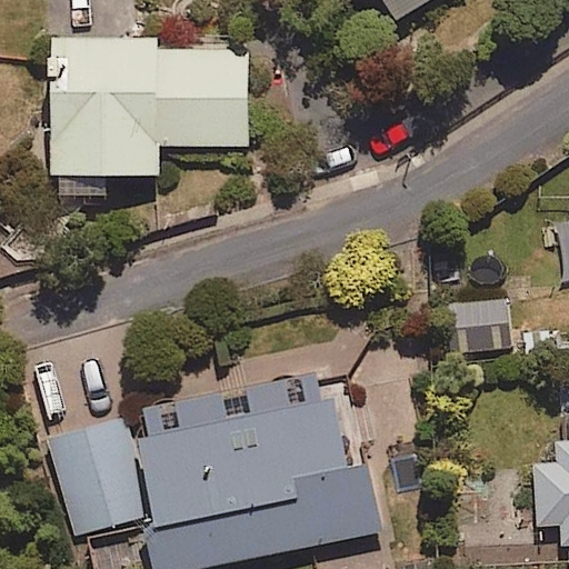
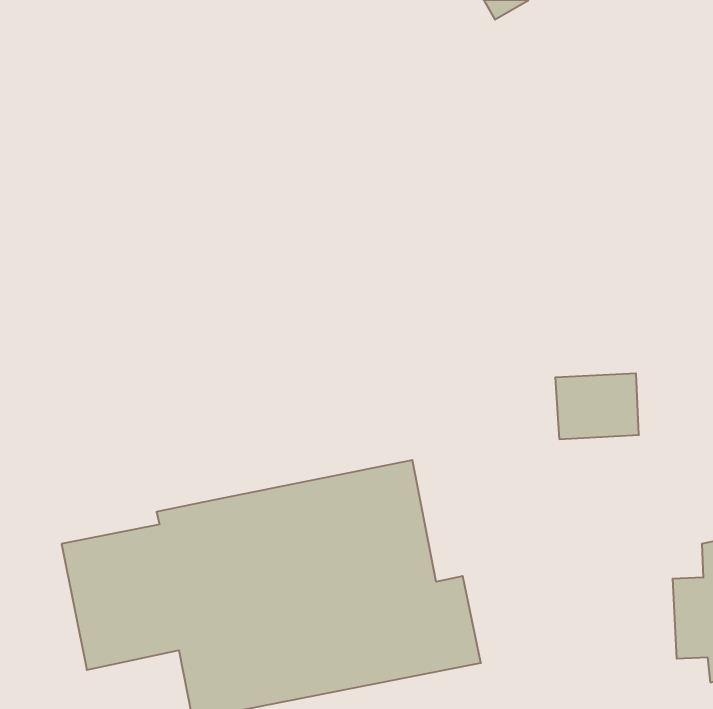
building: [50,36,248,194] -> none

